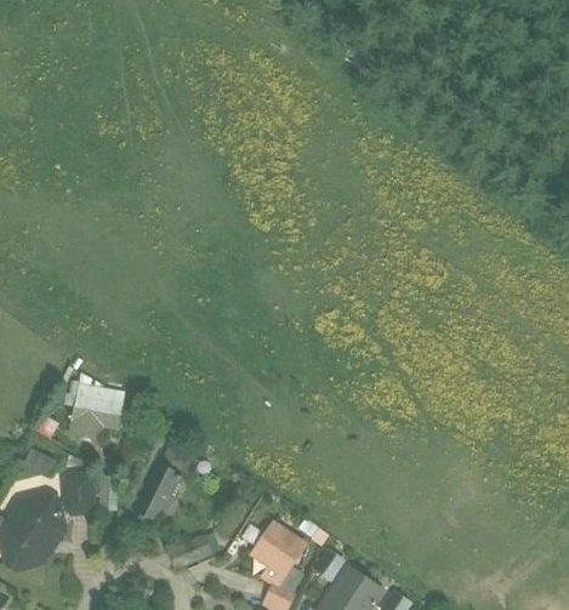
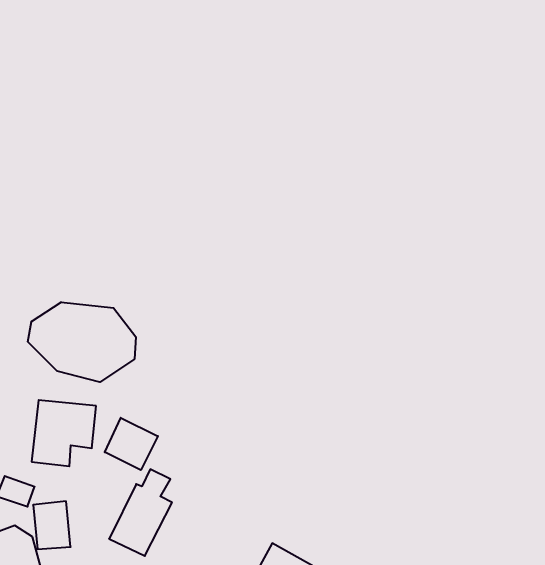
building: none -> [28,302,136,382]
building: none -> [105,418,158,470]

